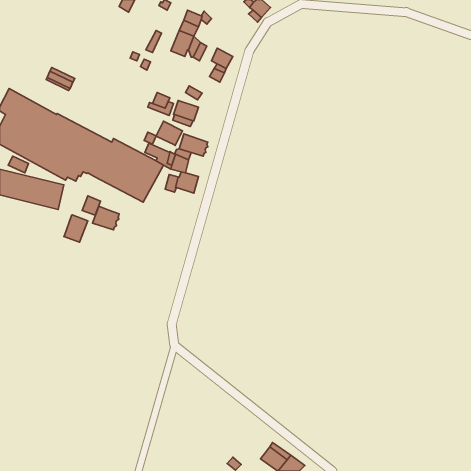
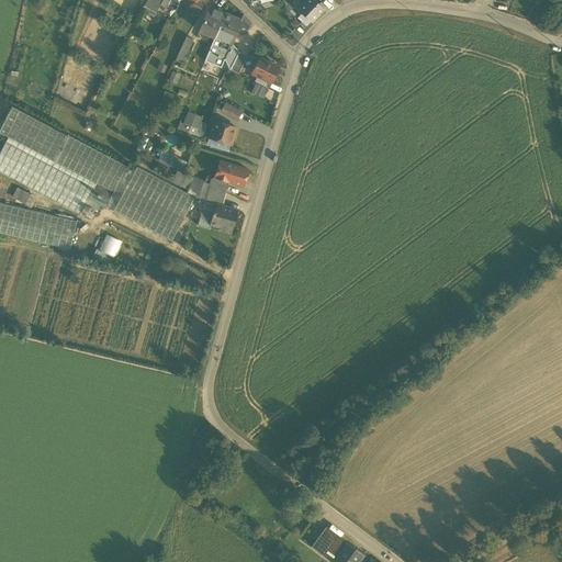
building: none -> [198,7,223,36]
building: [156,121,182,146] -> none
building: [92,206,119,230] -> none
building: [64,215,88,242] -> none

